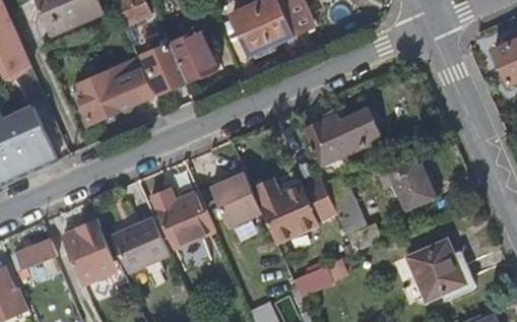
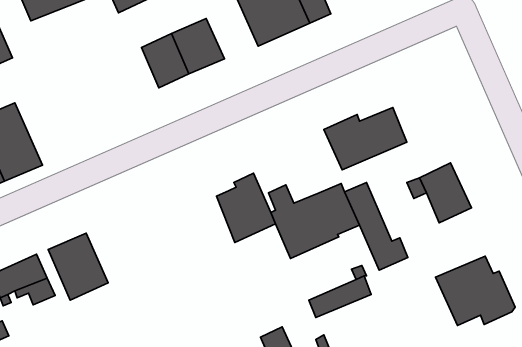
building: [74,58,155,123] -> none
building: [150,186,214,248] -> none
building: [107,204,165,261] -> none

